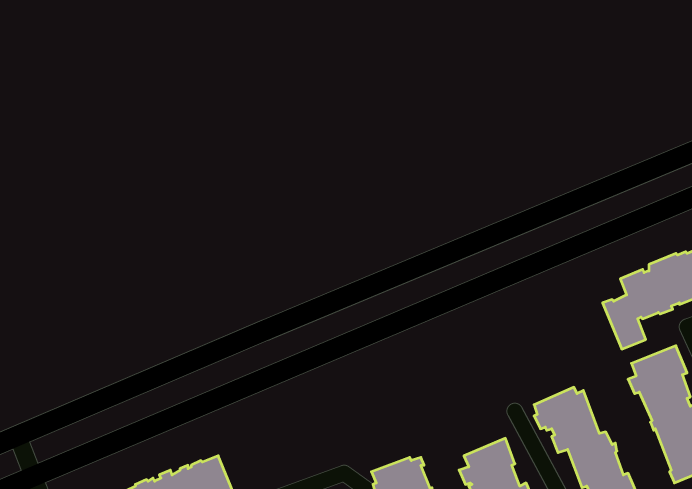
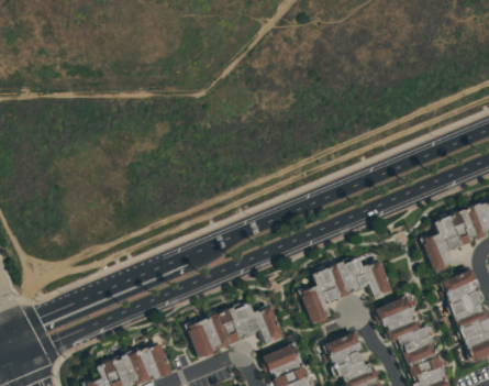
building: none -> [300,258,390,324]
building: none -> [186,305,281,359]

